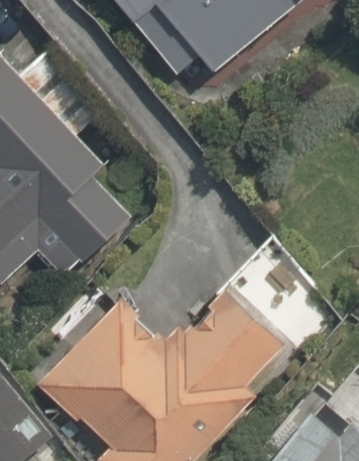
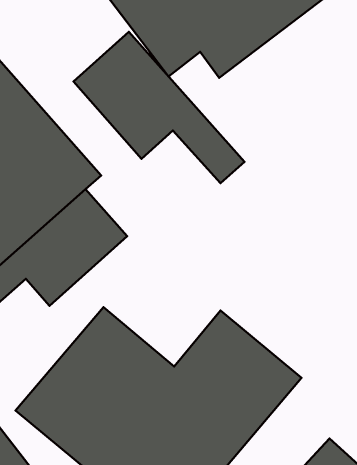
building: none -> [73,32,245,183]

